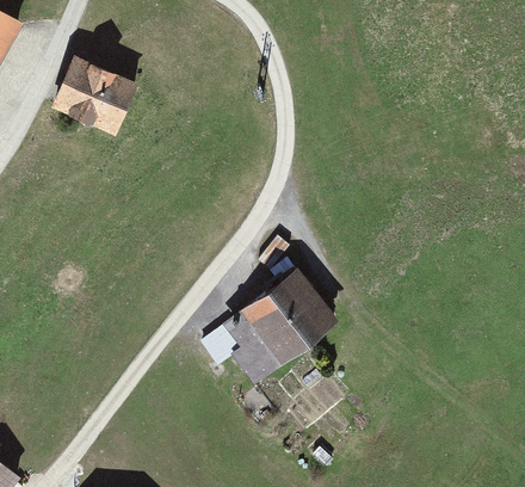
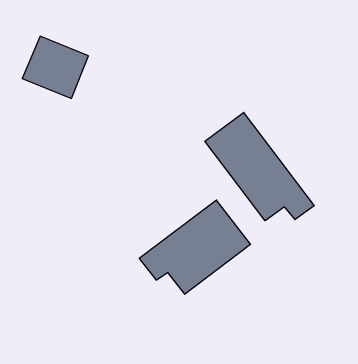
building: none -> [205,112,314,221]

